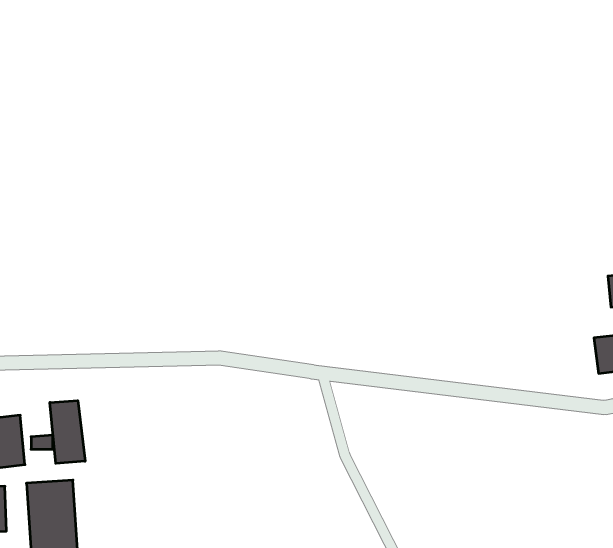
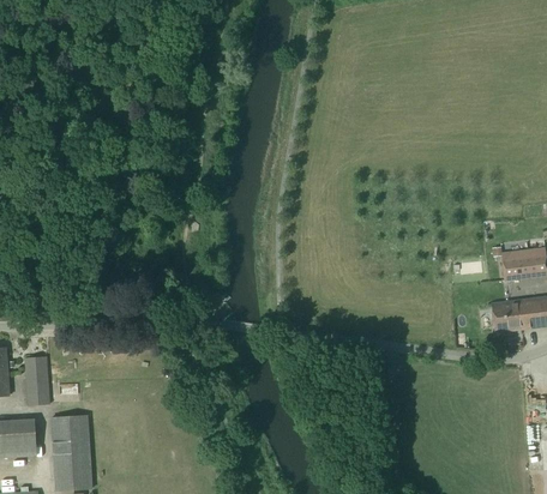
building: [50,401,85,463] -> none

